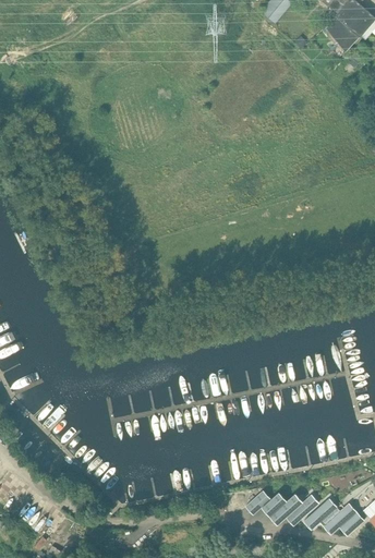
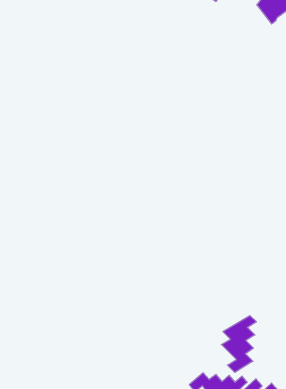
building: none -> [221,316,256,372]

